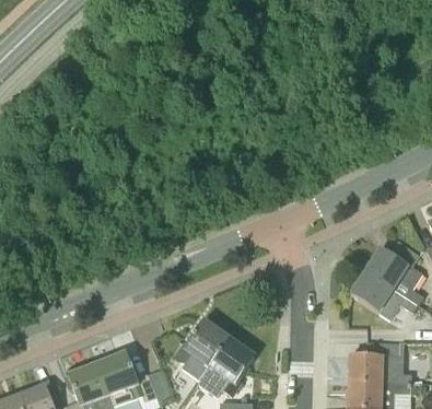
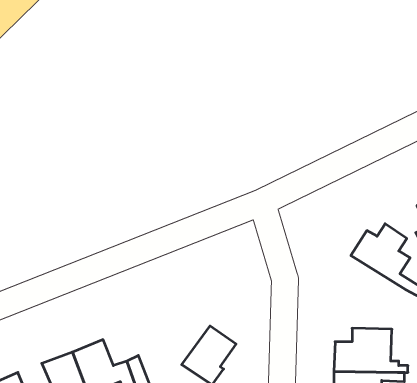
building: [350,271,417,319] -> none
building: [174,320,229,381] -> none

